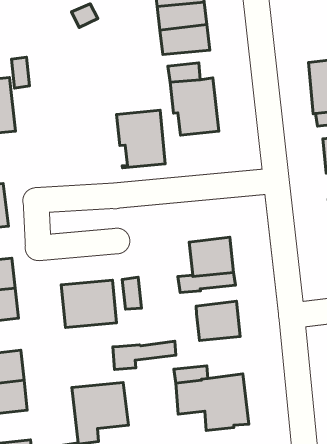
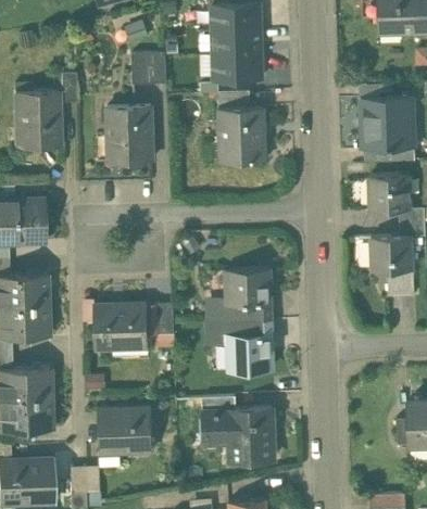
building: none -> [131,53,166,85]
building: [116,110,165,168] -> [106,106,152,162]
building: [113,341,176,369] -> [208,320,271,344]

